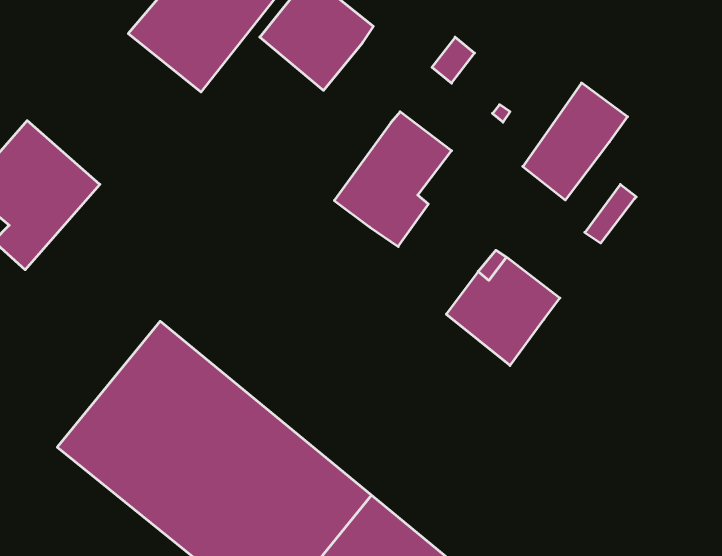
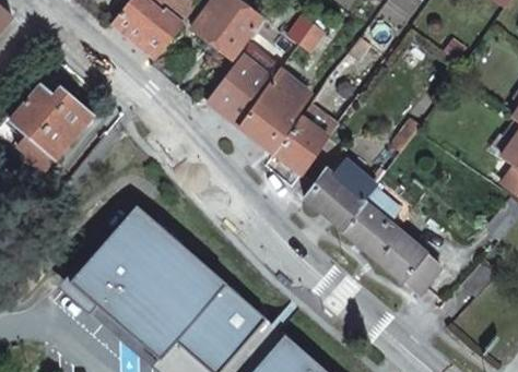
building: [523,83,628,200] -> [273,103,338,175]
building: none -> [204,58,269,125]
building: none -> [342,185,457,307]

